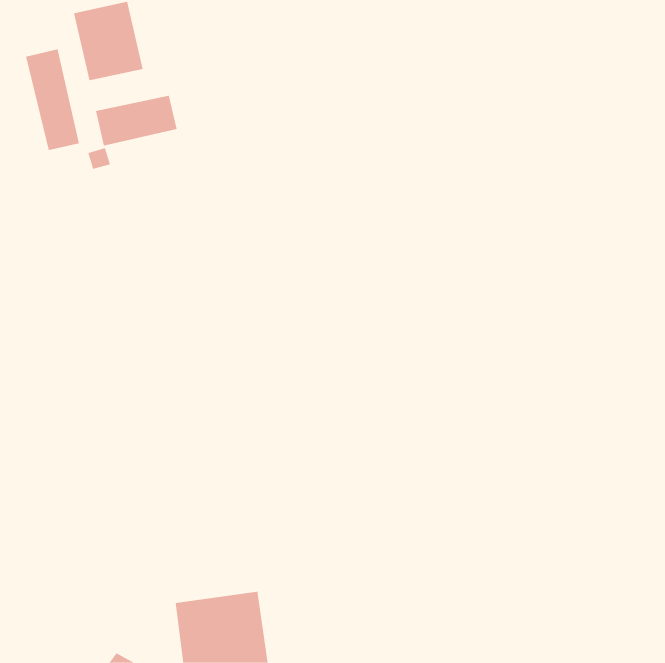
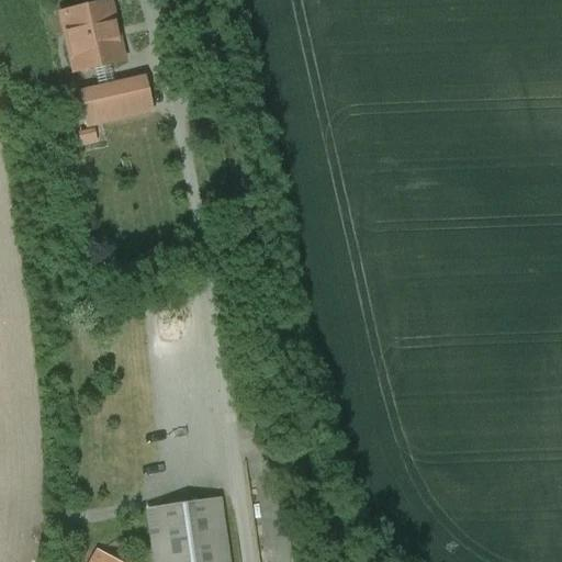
building: [26,48,79,151] -> none

